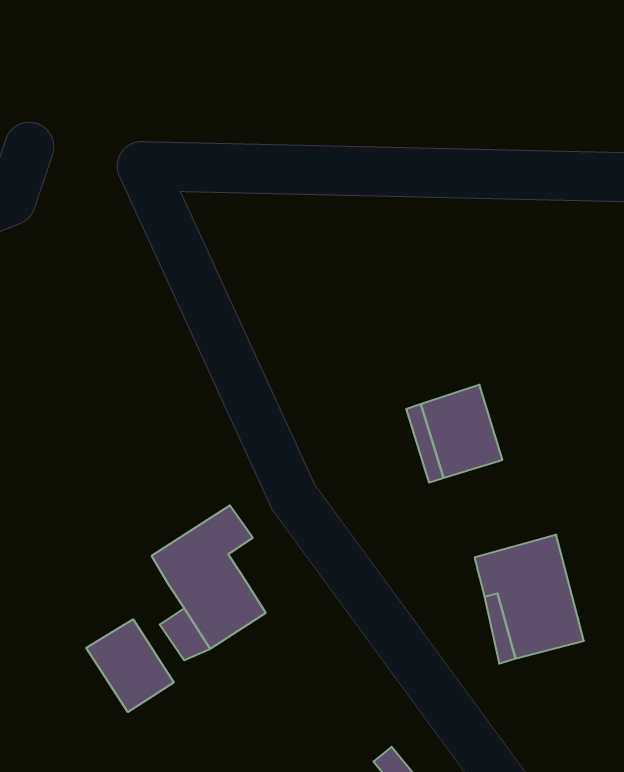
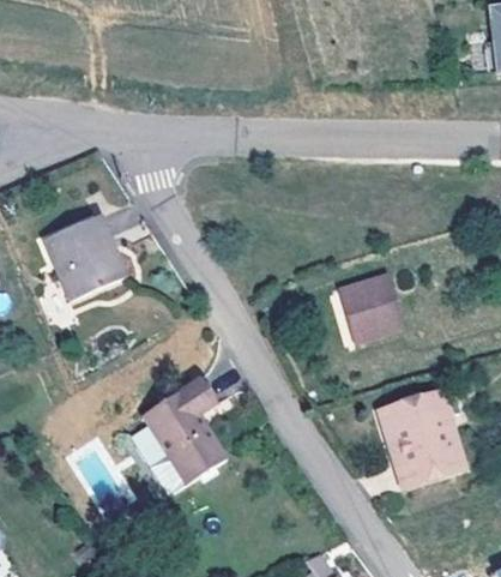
building: none -> [44,214,125,297]
building: [86,619,174,712] -> none

